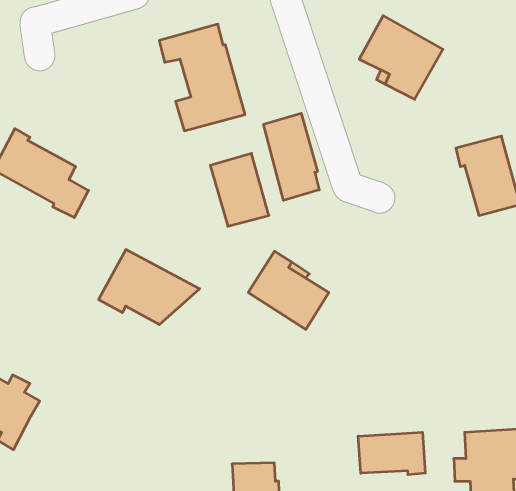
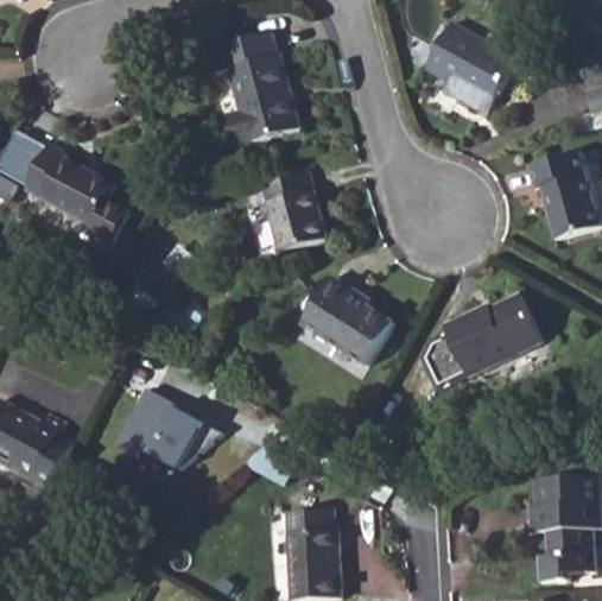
building: [264,113,319,200] -> none
building: [99,250,200,325] -> [113,388,223,470]
building: none -> [416,293,541,388]
building: [358,432,425,475] -> none

